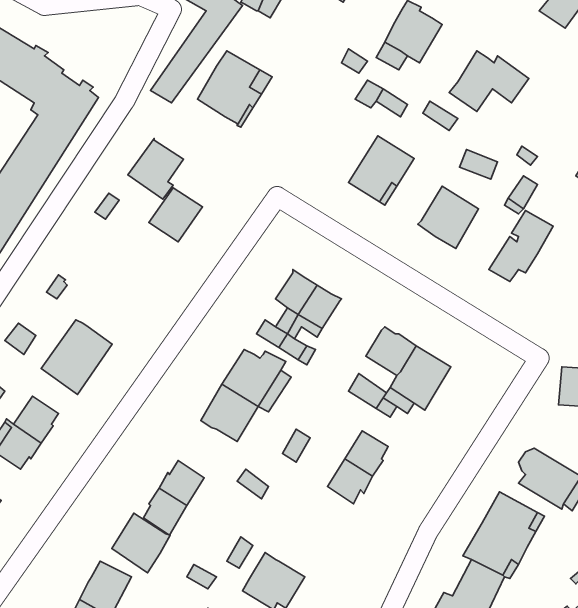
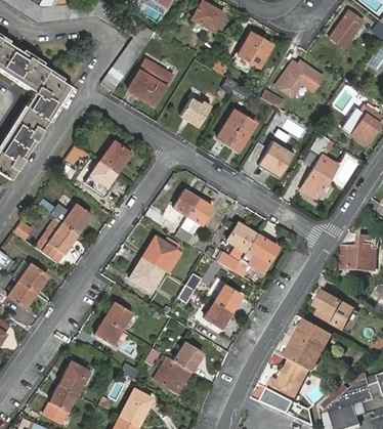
building: none -> [180,97,211,126]
building: [128,138,184,199] -> [84,160,117,196]
building: none -> [63,202,92,232]
building: [112,513,170,573] -> none
building: none -> [174,342,202,370]

